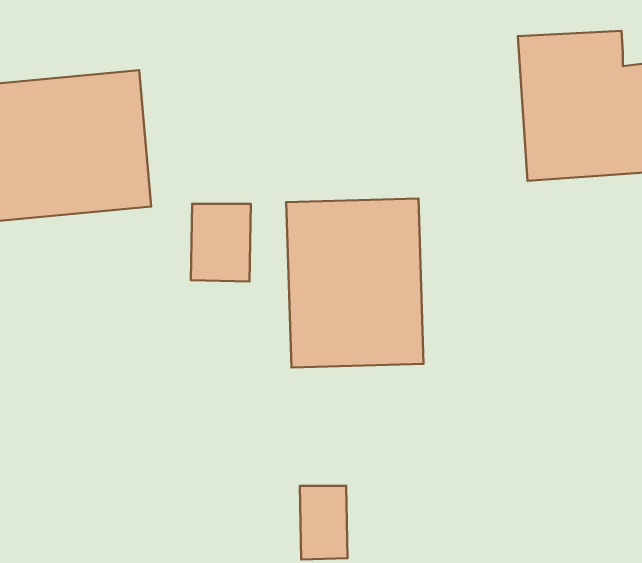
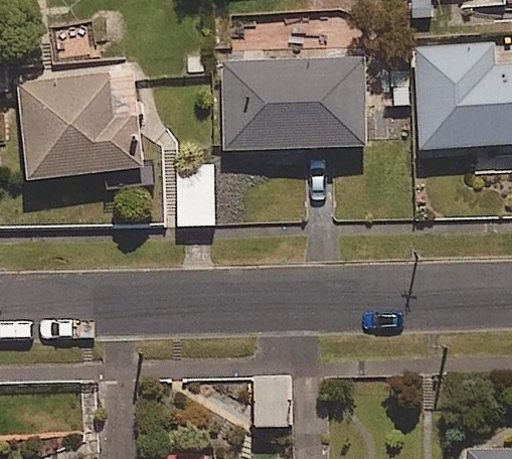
building: none -> [221,57,366,151]
building: [286,198,424,368] -> none

